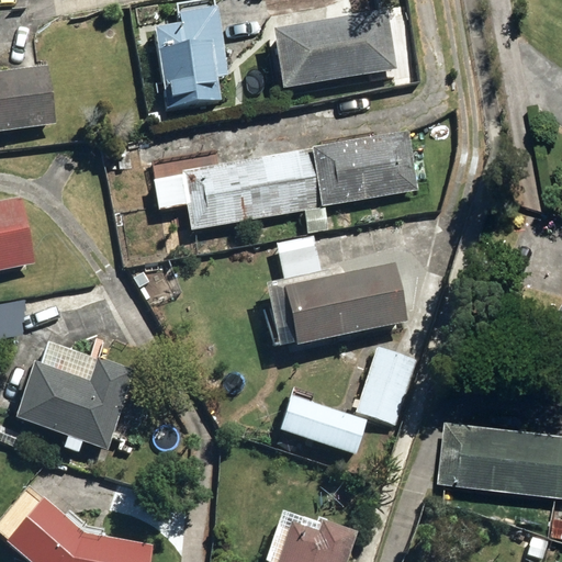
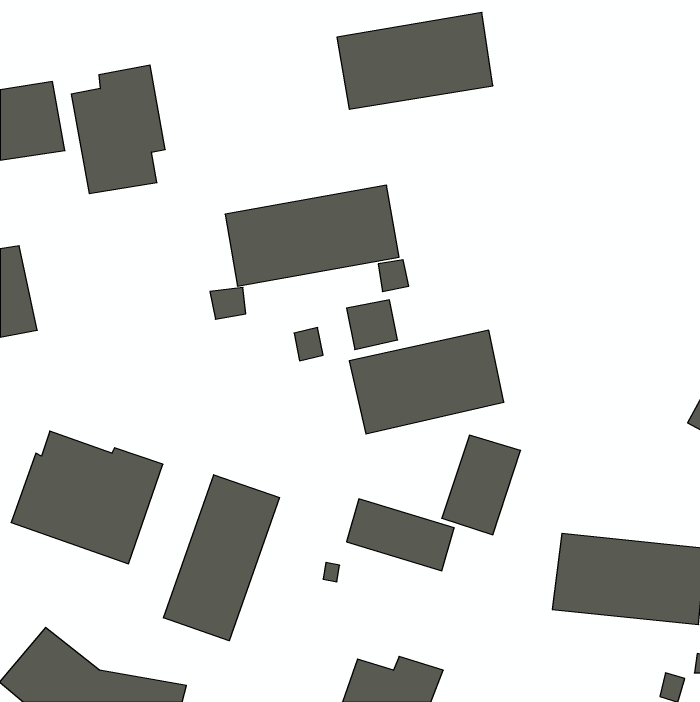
building: [154,4,228,106] -> [71,65,165,194]
building: [312,131,419,204] -> none
building: none -> [163,475,280,641]

